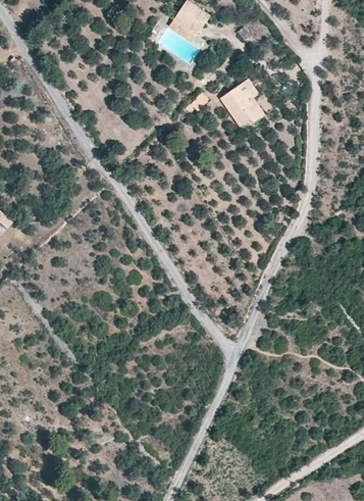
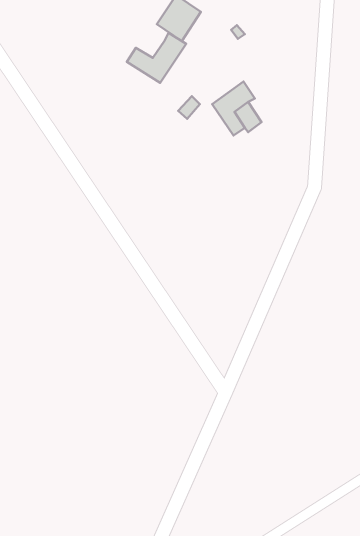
building: none -> [127,33,186,83]

